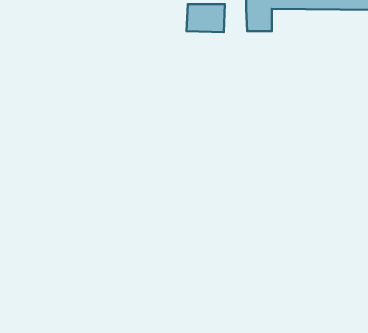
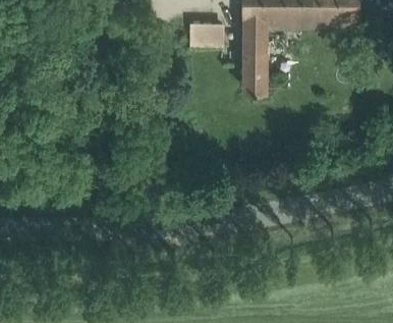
building: none -> [242,47,267,90]

